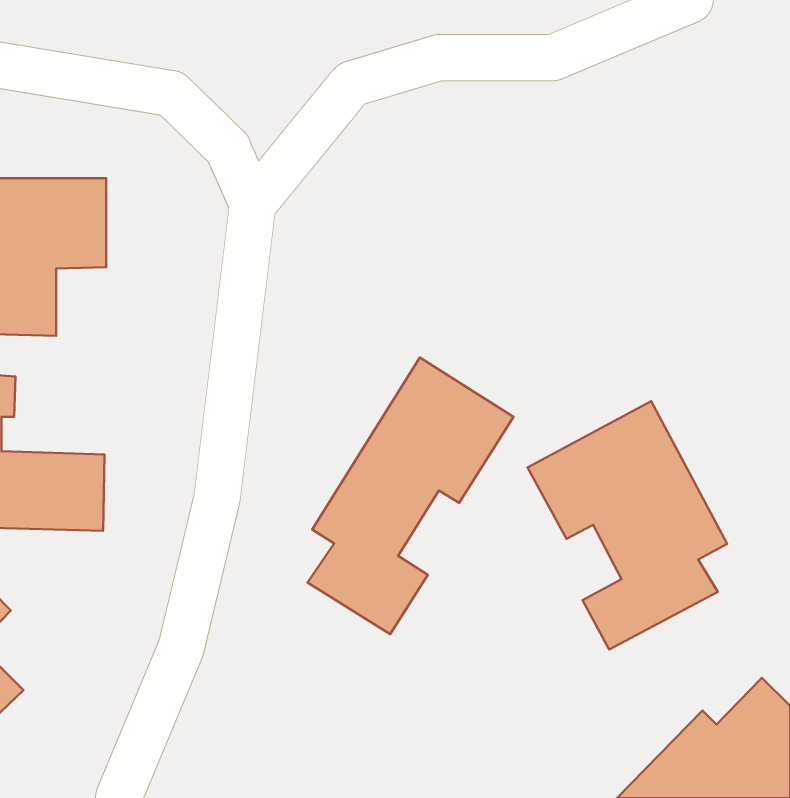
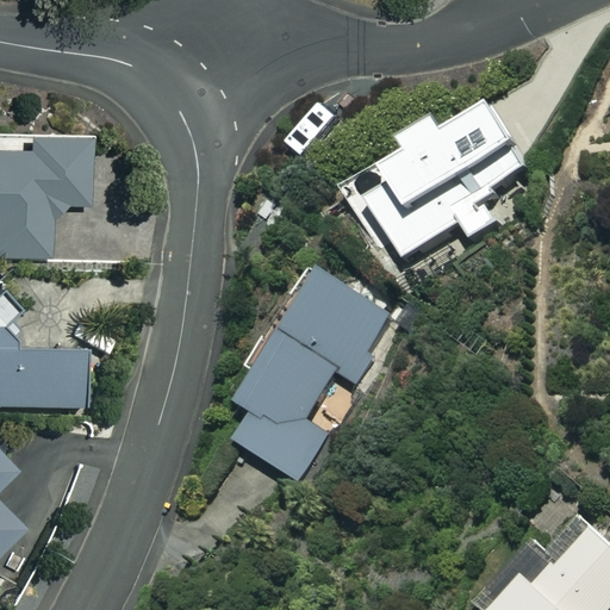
building: none -> [344,100,529,259]
building: [528,401,727,649] -> none

